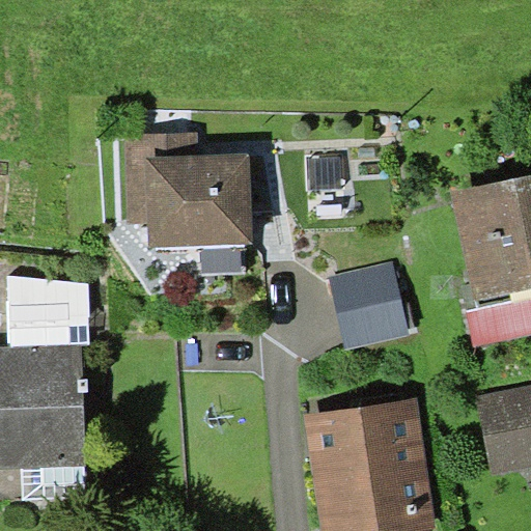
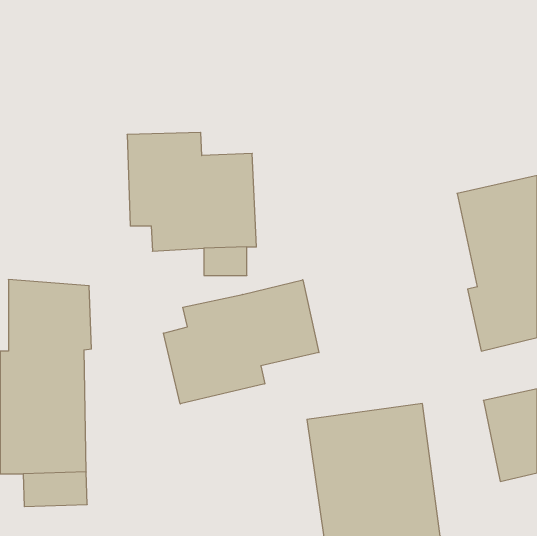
building: [329,262,410,350] -> none
building: none -> [163,280,319,404]

